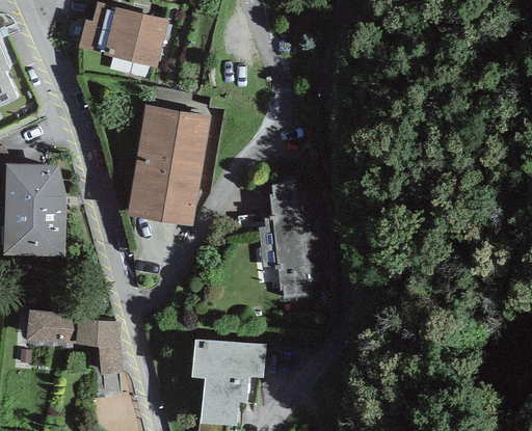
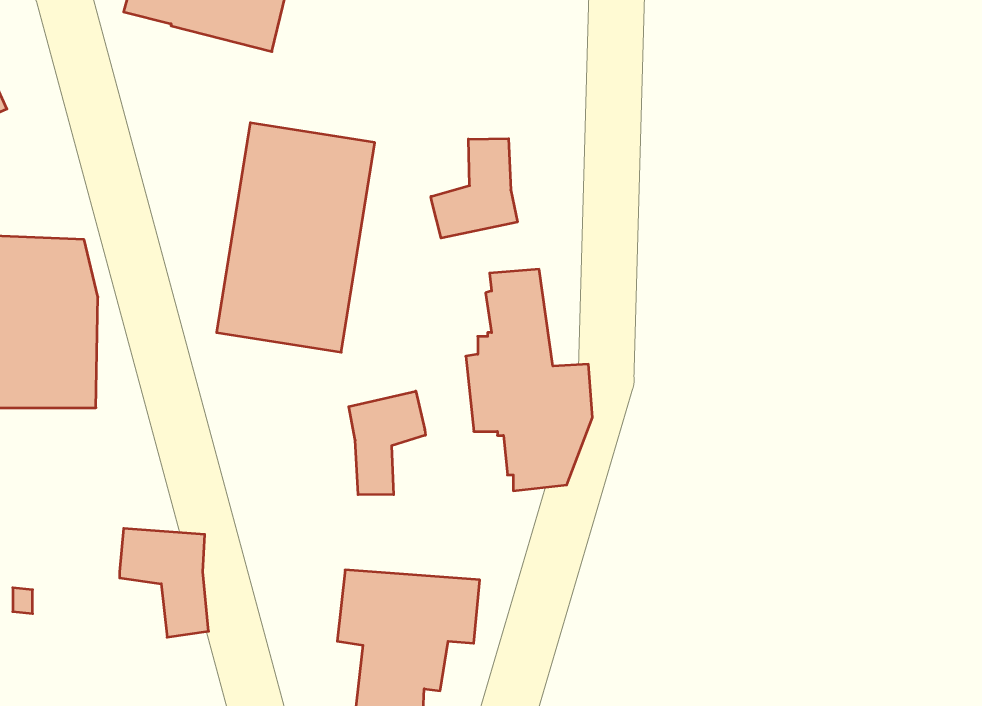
building: none -> [431,139,517,238]
building: none -> [349,391,425,495]
building: [27,309,80,341] -> none

